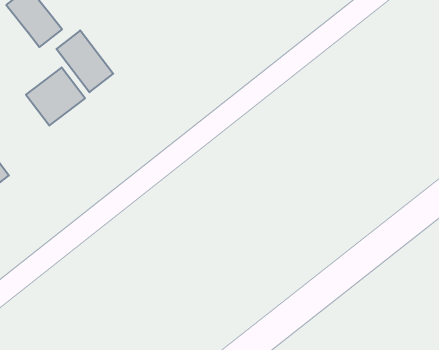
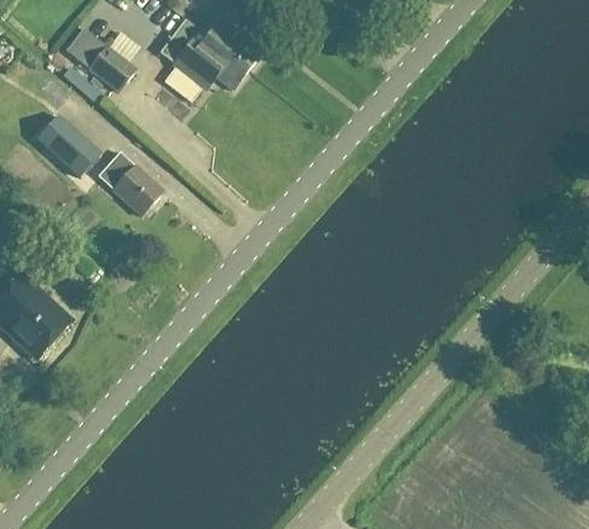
building: [26,67,85,126] -> none

